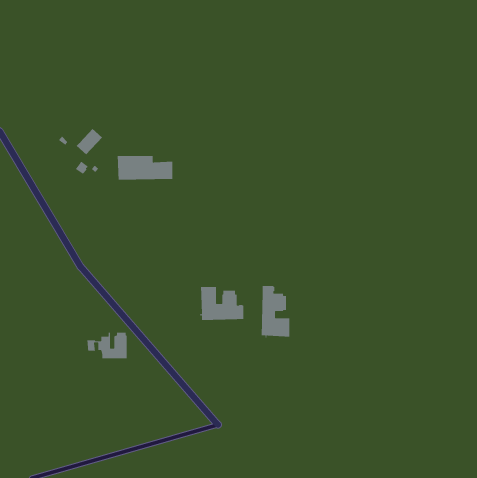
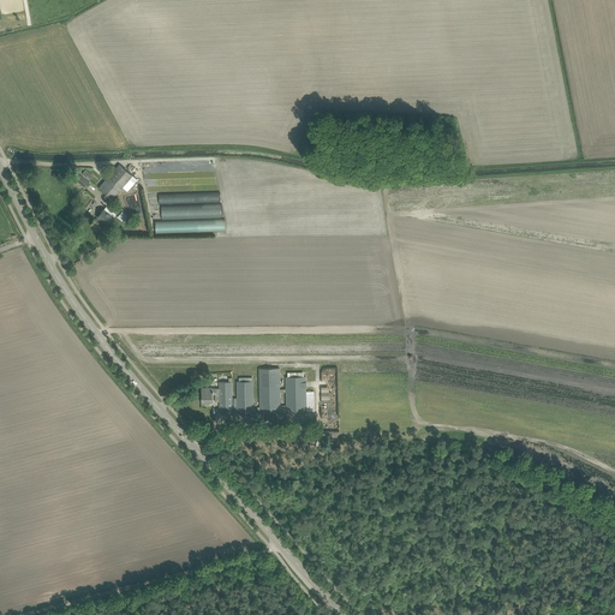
building: [261,285,290,338] -> none
building: [86,332,128,359] -> [199,377,252,412]

